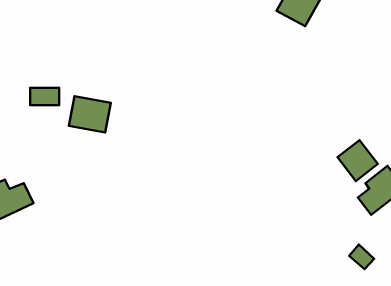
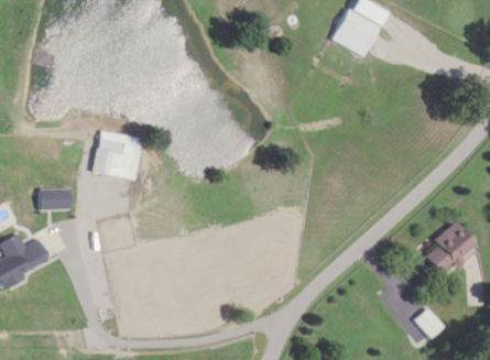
building: [30,88,59,105] -> [39,188,72,208]
building: [338,140,378,181] -> none

